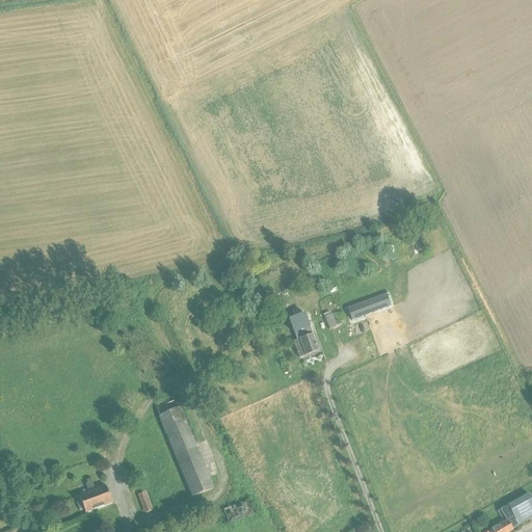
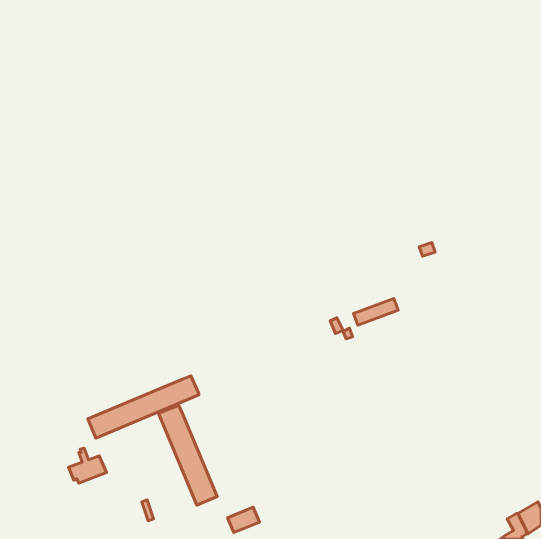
building: [289,312,318,356] -> none
building: none -> [88,376,199,438]
building: [75,477,112,511] -> [68,448,107,483]

